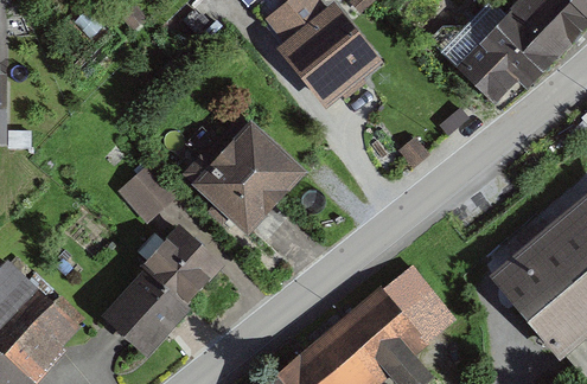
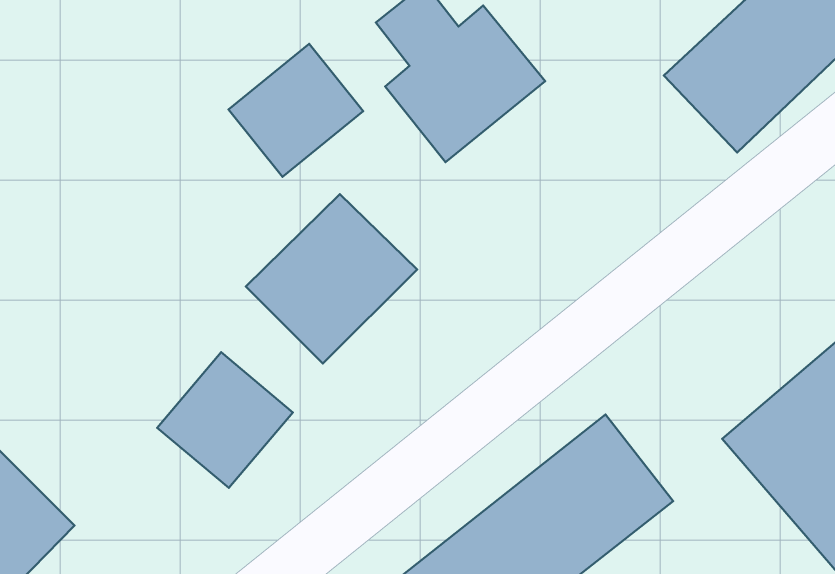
building: none -> [228,44,363,177]
building: [119,162,174,218] -> none
building: [94,270,179,357] -> none

